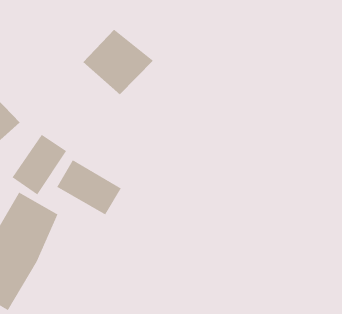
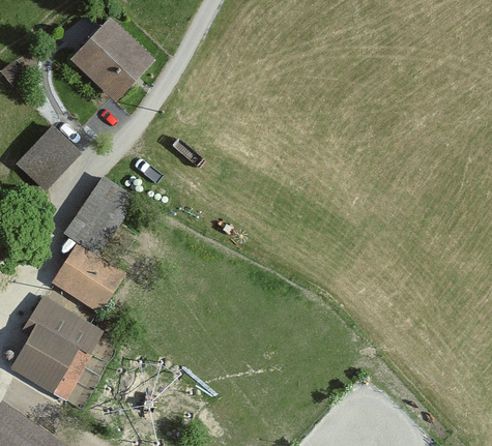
building: [82,29,154,95] -> [66,19,157,103]
building: [56,159,122,216] -> none

